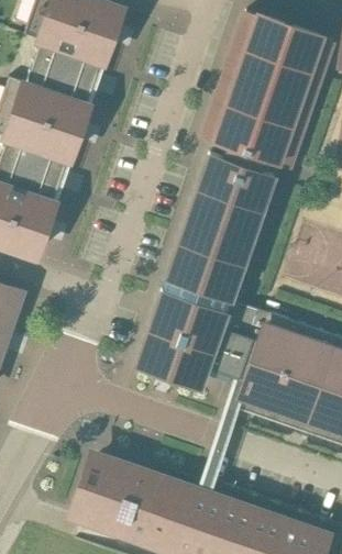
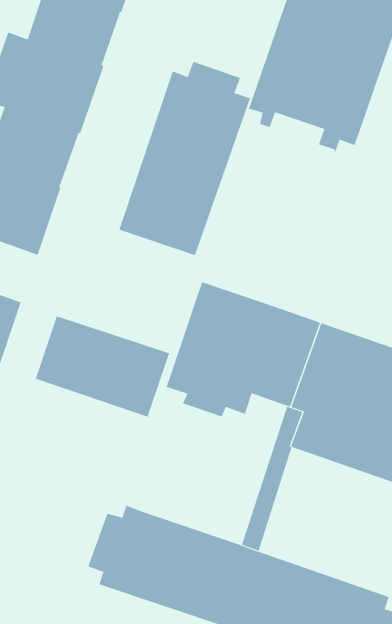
building: [169,141,276,297] -> [119,61,252,256]
building: none -> [35,316,170,417]

